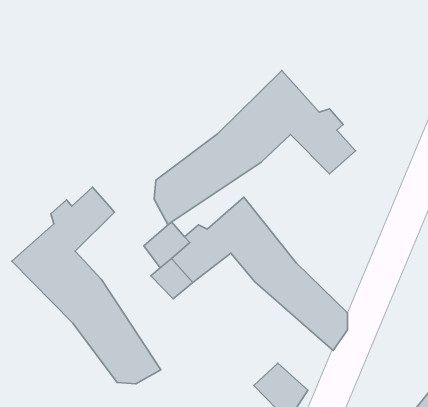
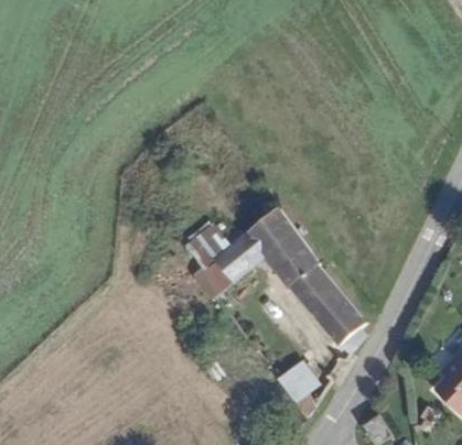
building: [154,70,356,224] -> none
building: [12,187,161,384] -> none

